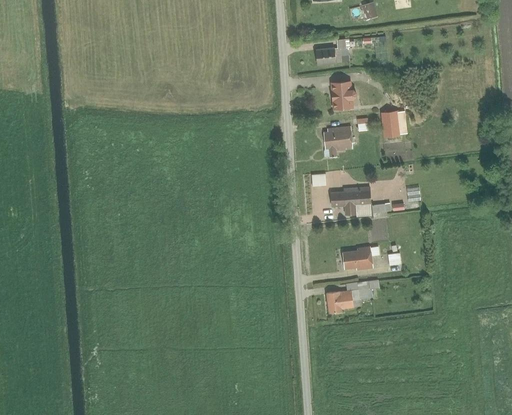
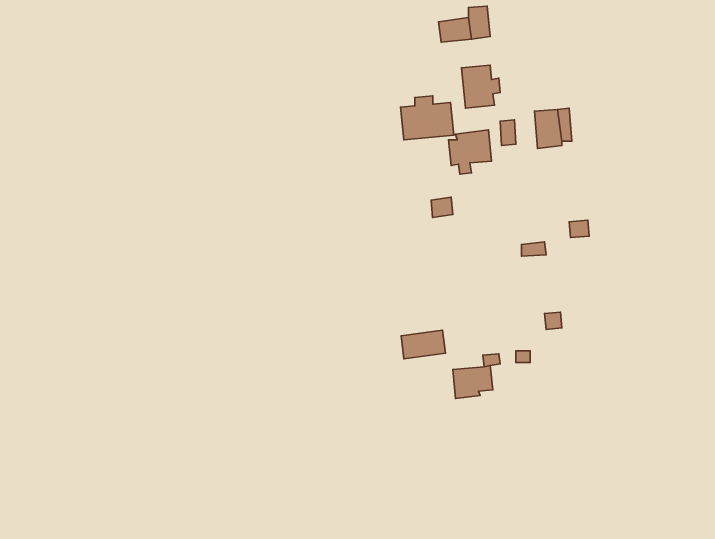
building: none -> [401,96,454,140]
building: [330,186,371,214] -> none
building: [343,248,374,268] -> [401,330,446,359]

